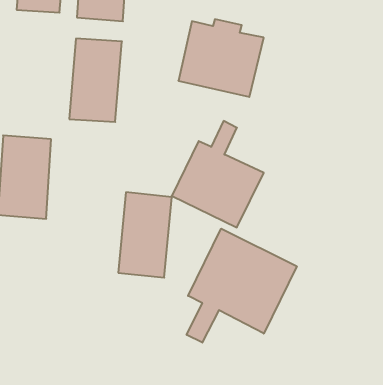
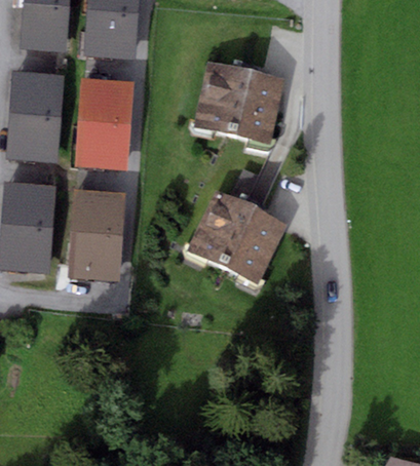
building: none -> [6,71,60,161]
building: [118,192,172,278] -> [67,190,124,281]
building: [187,229,297,343] -> none

